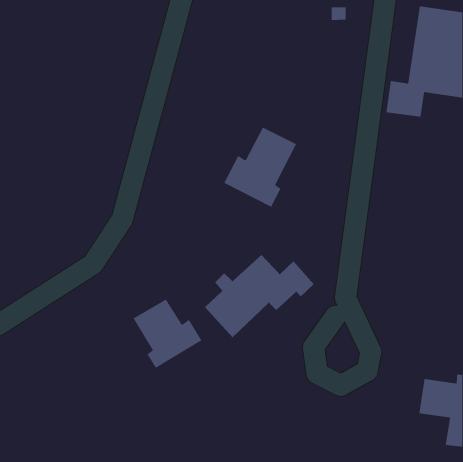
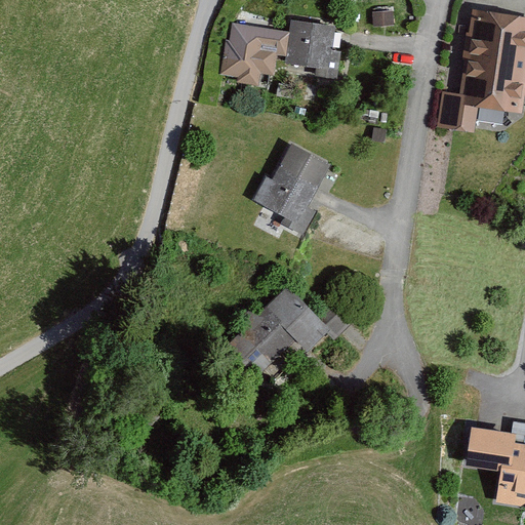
building: none -> [219,21,341,87]
building: [133,298,203,369] -> none

